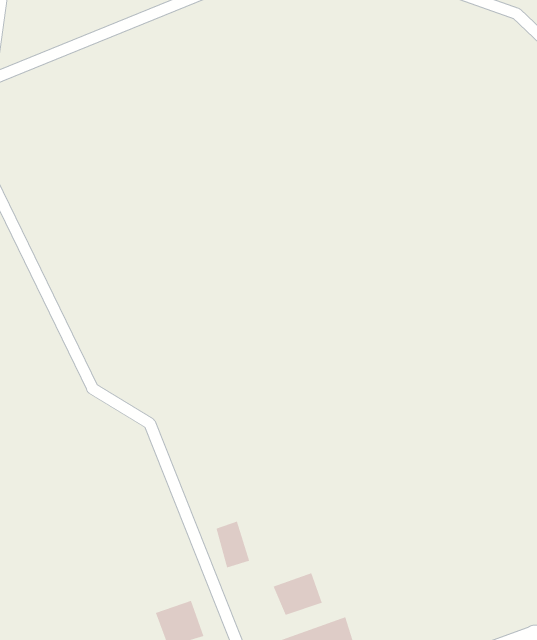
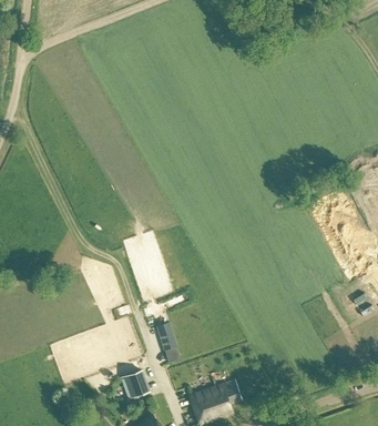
building: [273,572,323,616] -> none

